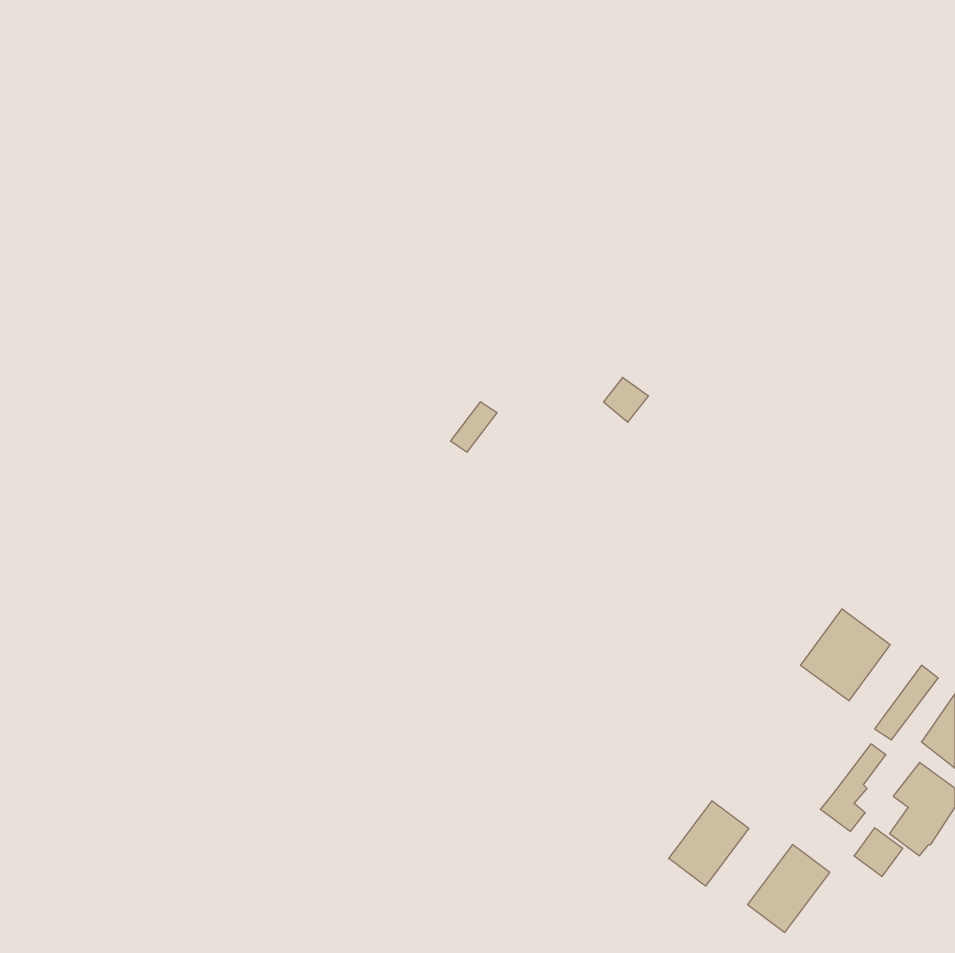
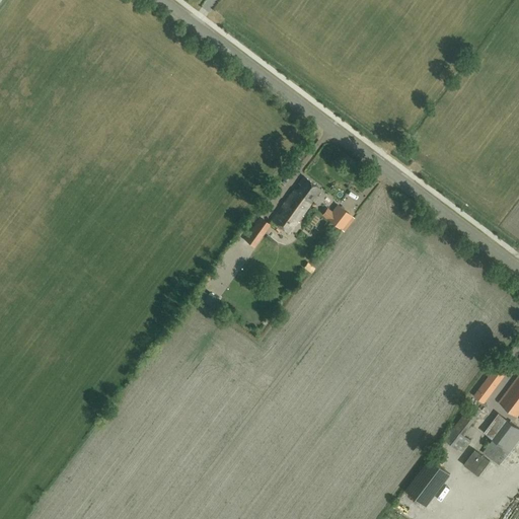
building: none -> [272,177,320,234]
building: [801,609,890,701] -> none
building: [669,801,749,886] -> none

